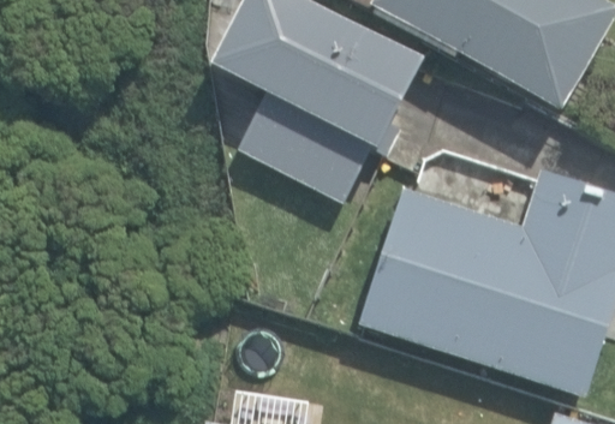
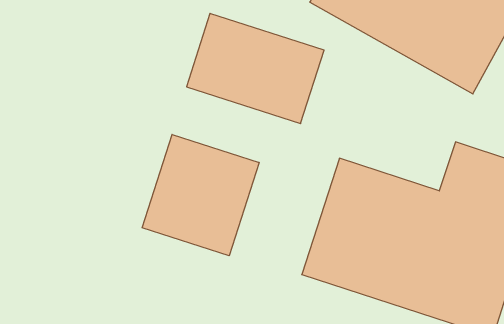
building: none -> [142,134,259,256]

